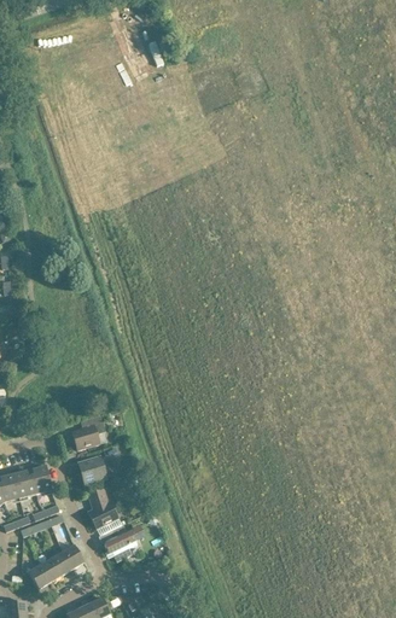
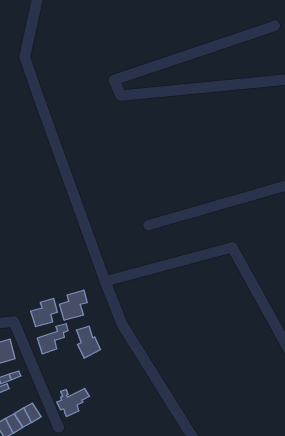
building: none -> [60,290,87,320]
building: [88,488,118,527] -> [76,326,101,358]

